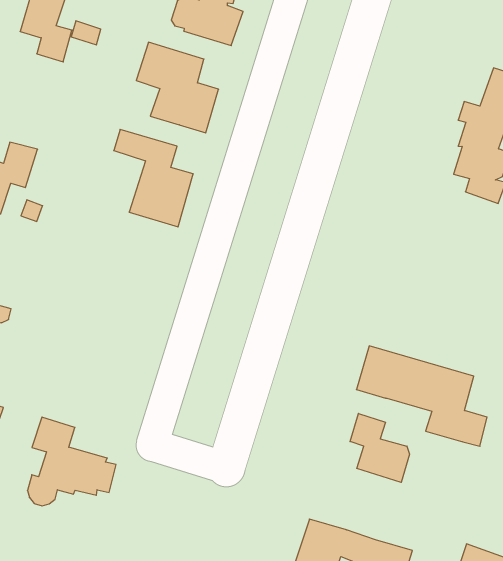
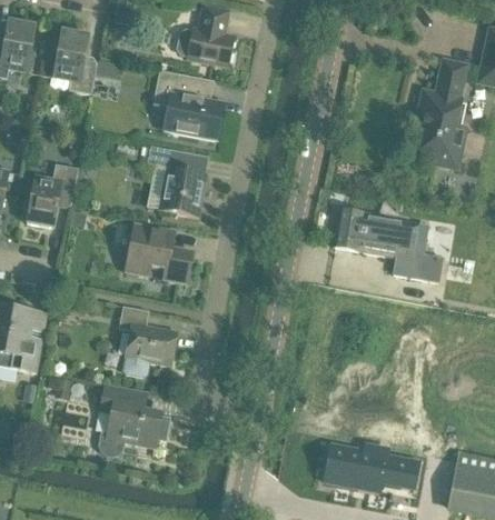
building: none -> [126,223,192,283]
building: none -> [118,306,177,376]
building: [356,346,487,446] -> [333,209,442,281]
building: [350,413,410,482] -> none

